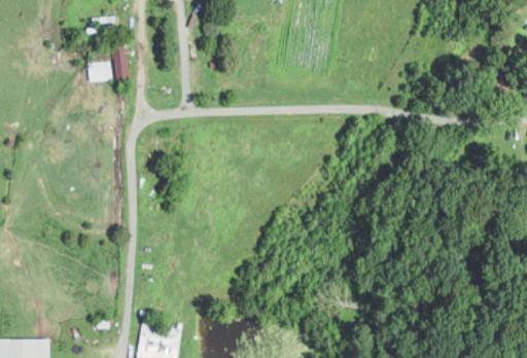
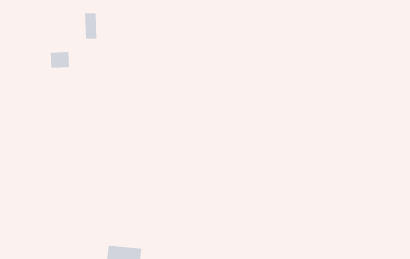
building: [87,62,111,81] -> [50,52,70,68]

